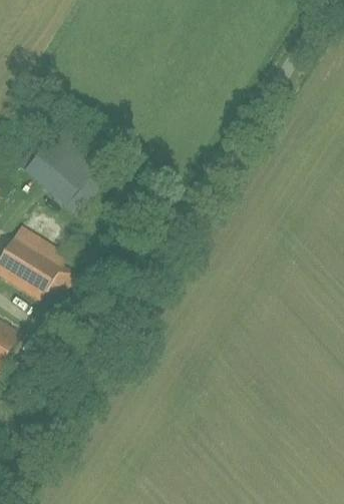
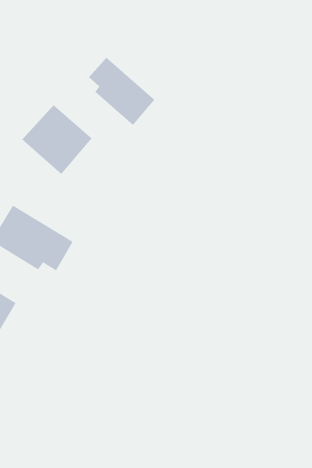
building: none -> [88,57,155,126]

